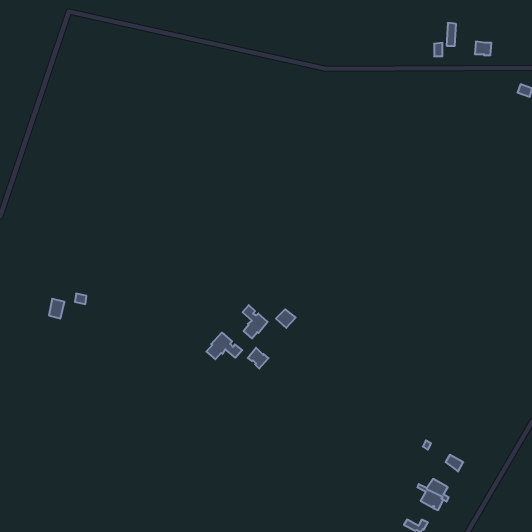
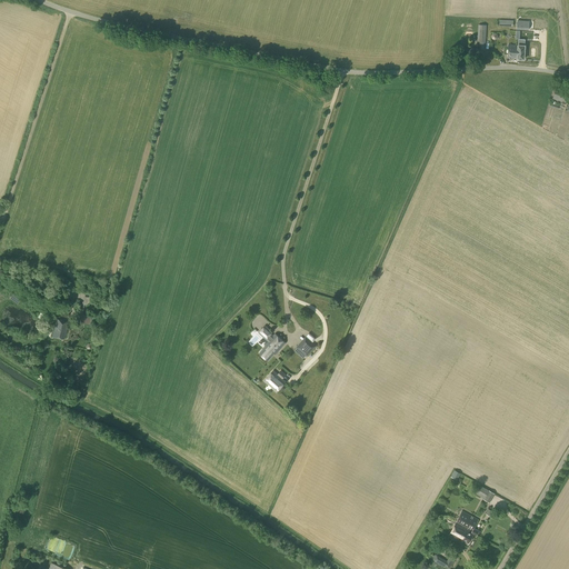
building: [206,333,242,359] -> none

